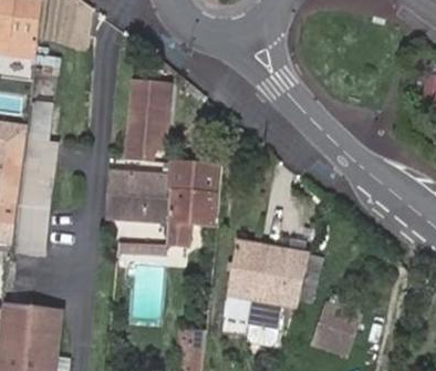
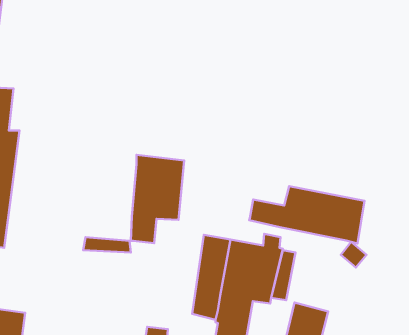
building: [126,81,169,161] -> none
building: [103,165,169,221] -> none
building: none -> [249,186,364,244]

